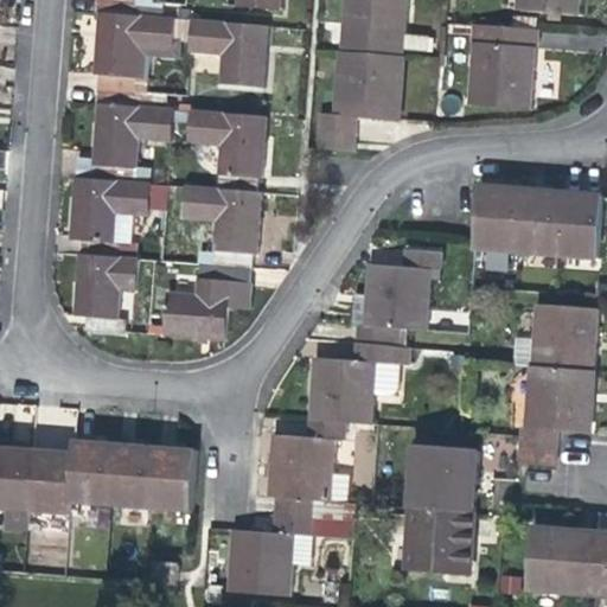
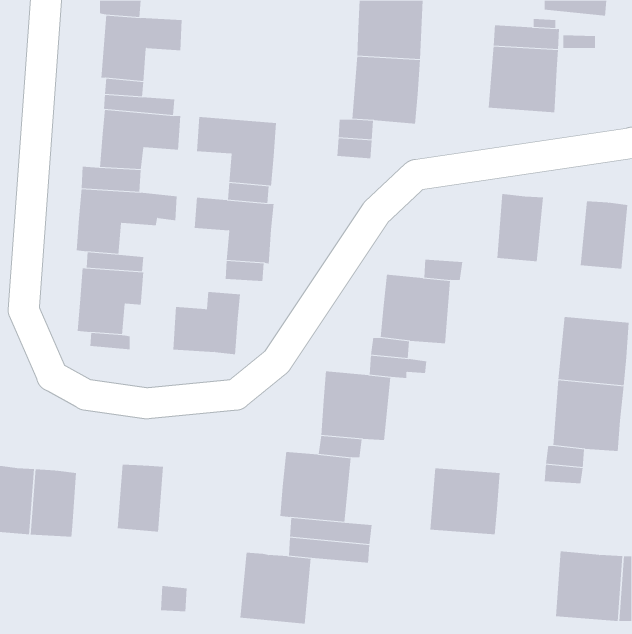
building: [189,21,264,88] -> none
building: [513,189,560,254] -> none
building: [198,266,251,307] -> none
building: [70,440,116,505] -> none
building: [152,446,196,511] -> none
building: [405,506,473,573] -> none

